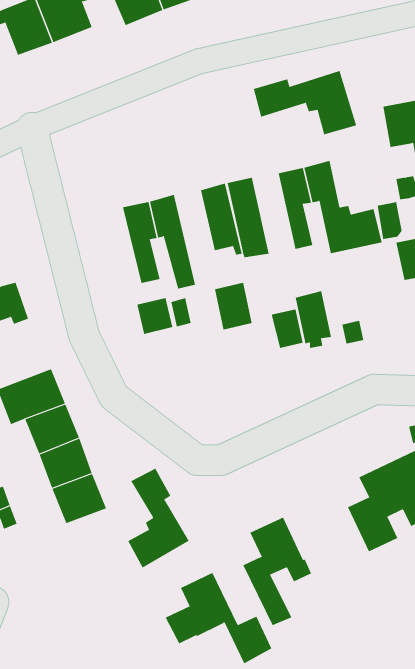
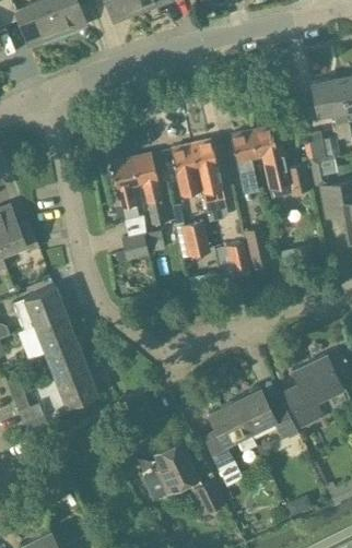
building: [253,70,357,135] -> none
building: [128,468,189,568] -> none
building: none -> [234,390,297,439]

